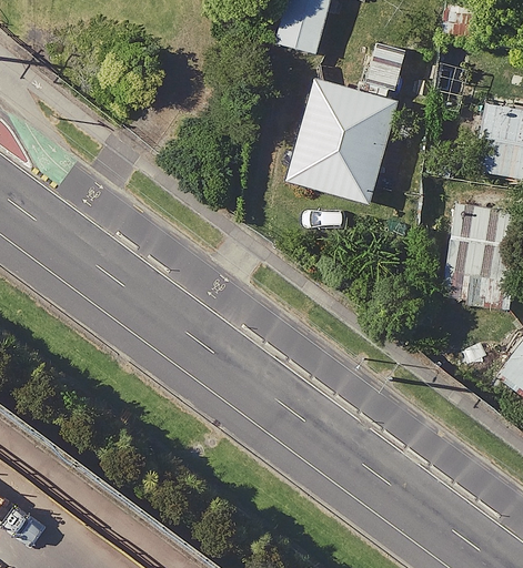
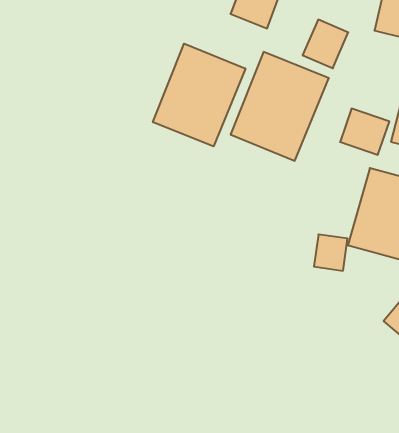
building: none -> [153,44,245,146]

